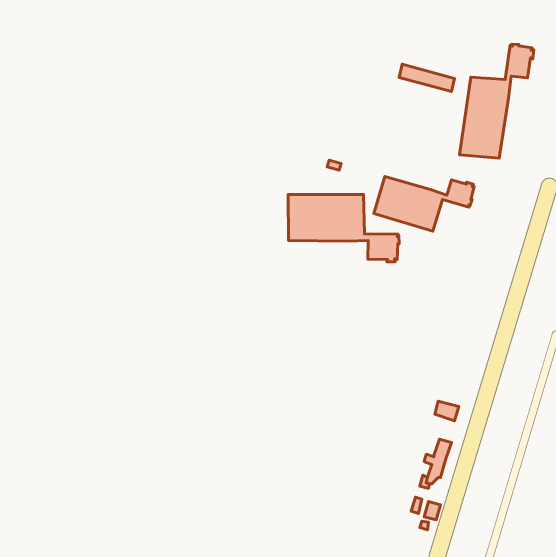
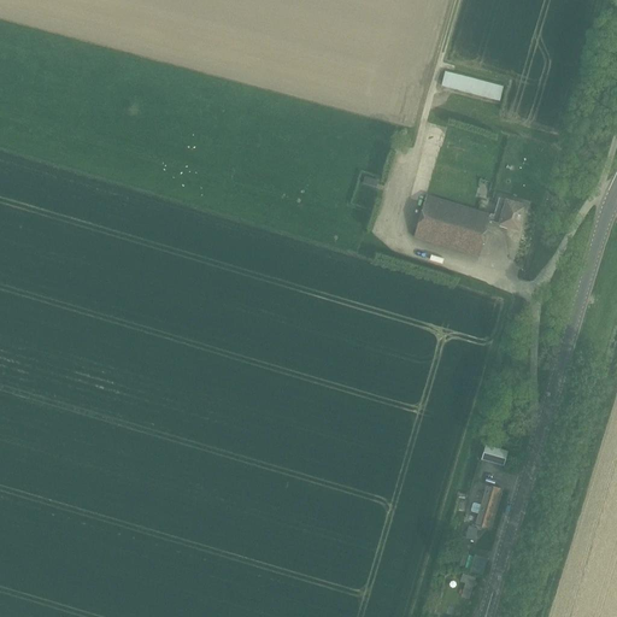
building: [459,44,534,158] -> none
building: [288,194,399,262] -> none

